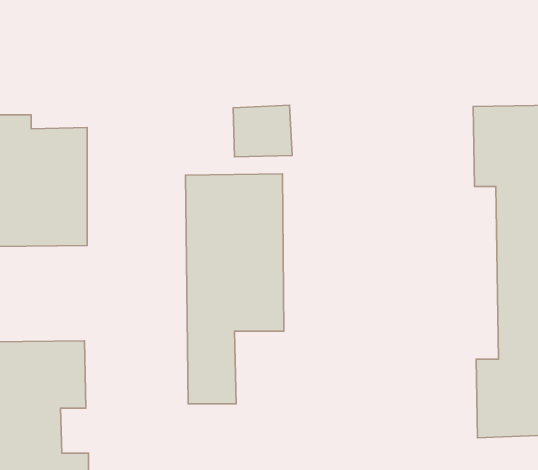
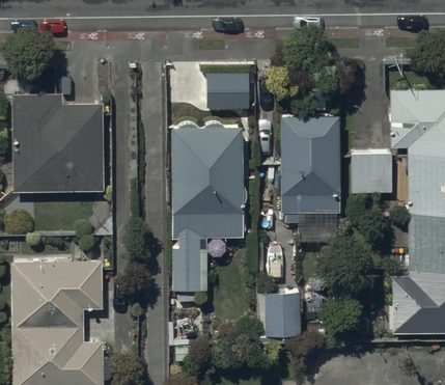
building: none -> [278,109,336,208]
building: none -> [350,150,390,192]
building: none -> [262,292,299,334]

